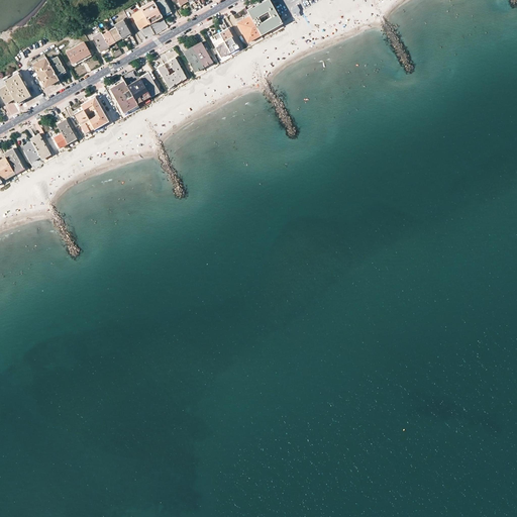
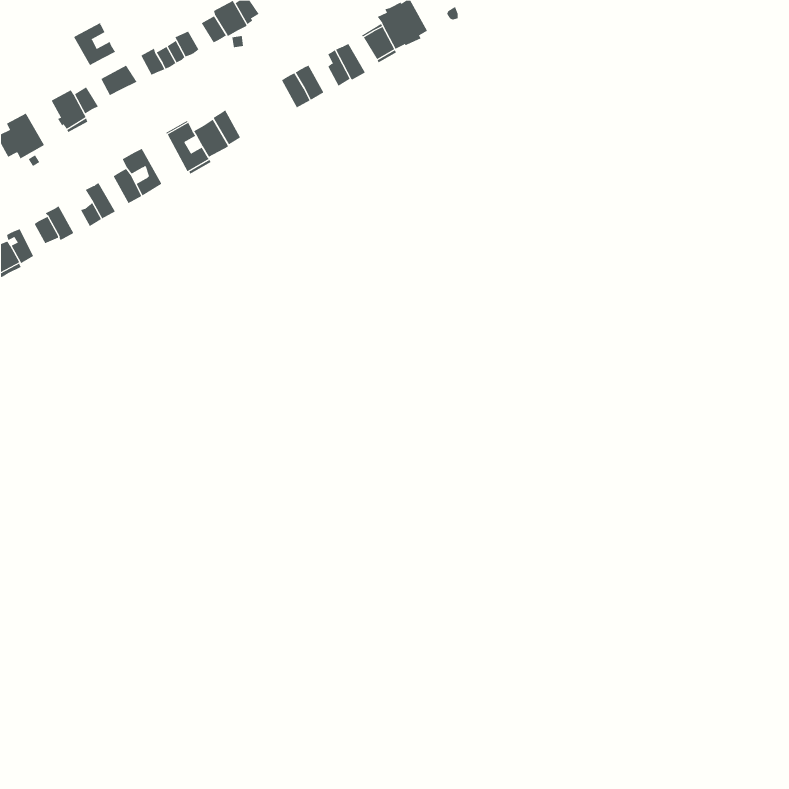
building: none -> [74,22,116,66]
building: [159,58,187,87] -> none

